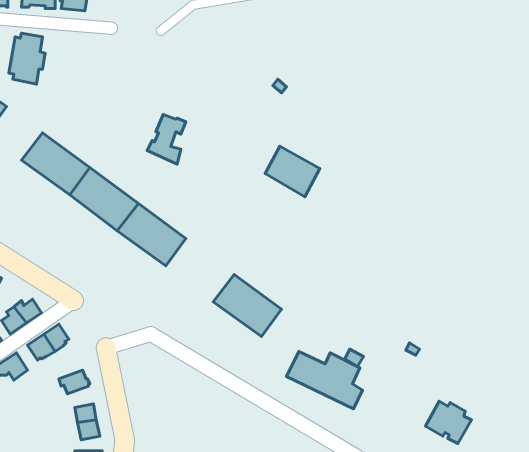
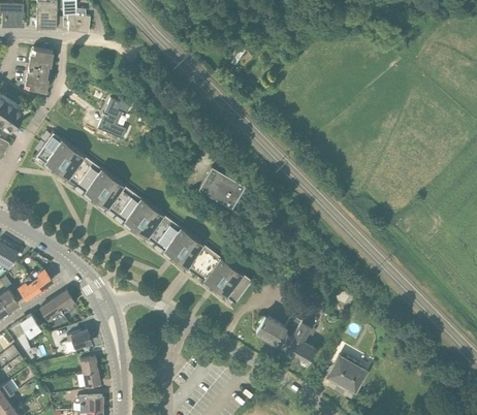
building: [147,114,186,164] -> [97,101,129,142]
building: [265,146,320,197] -> [199,169,245,212]
building: none -> [155,221,212,274]
building: [425,401,471,444] -> [327,357,365,392]

